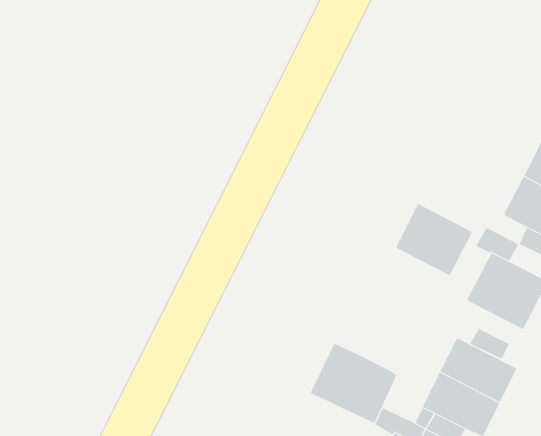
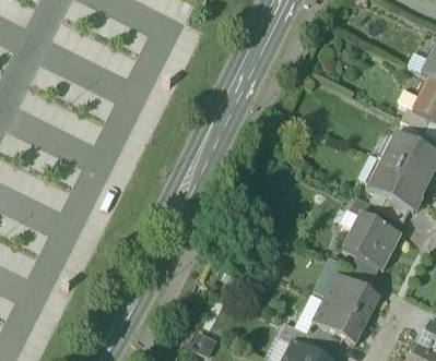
building: [395,203,473,276] -> none
building: [310,343,397,424] -> none

